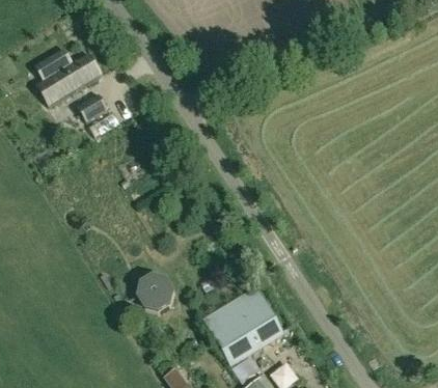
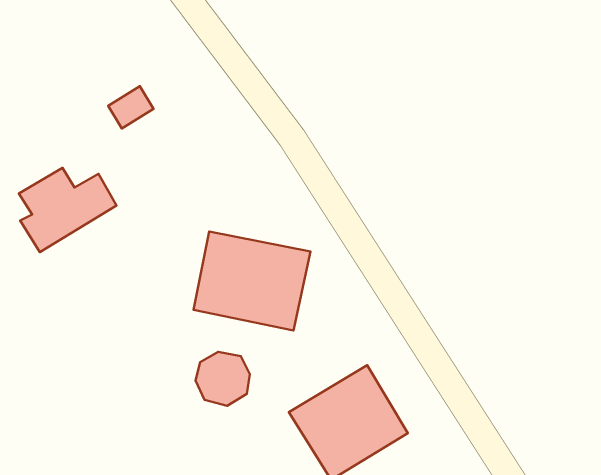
building: [35,49,103,107] -> [19,168,117,252]
building: none -> [194,231,311,330]

